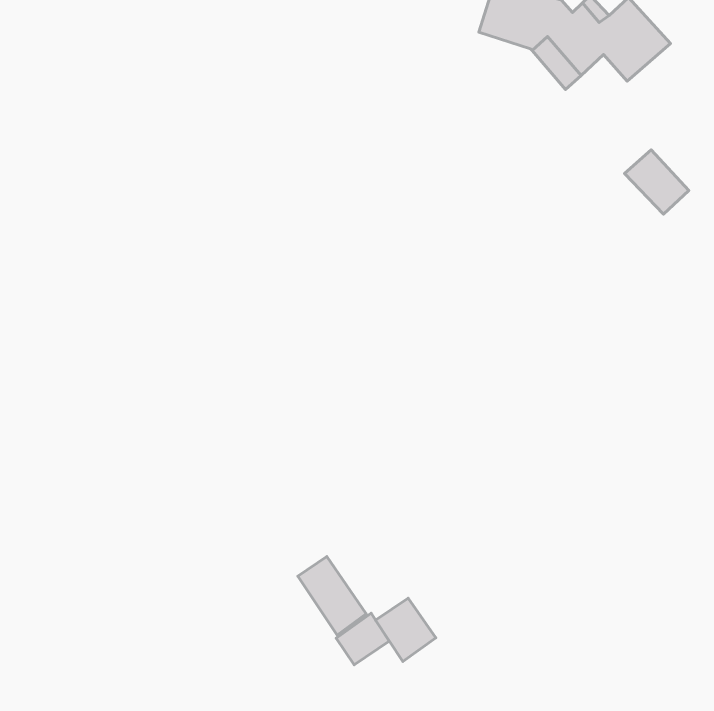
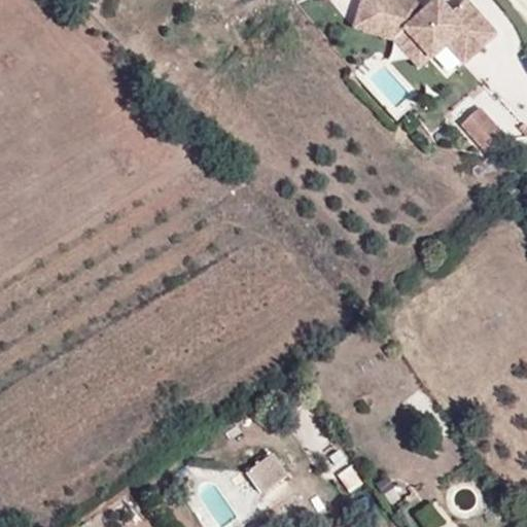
building: [298,557,366,635] -> none
building: [376,598,436,661] -> none

